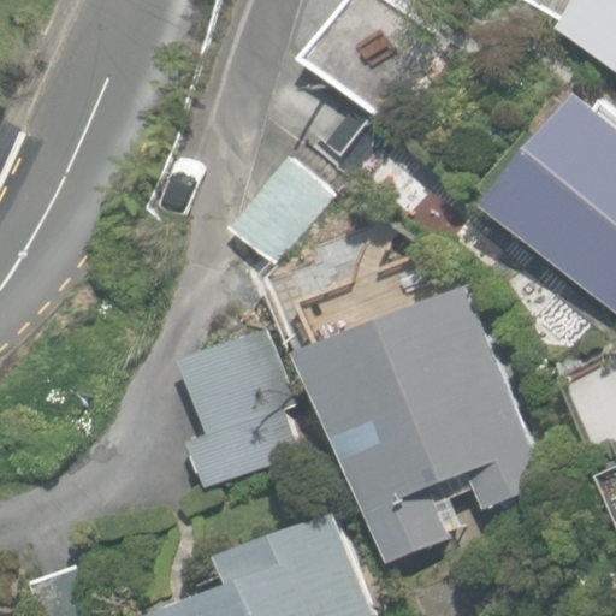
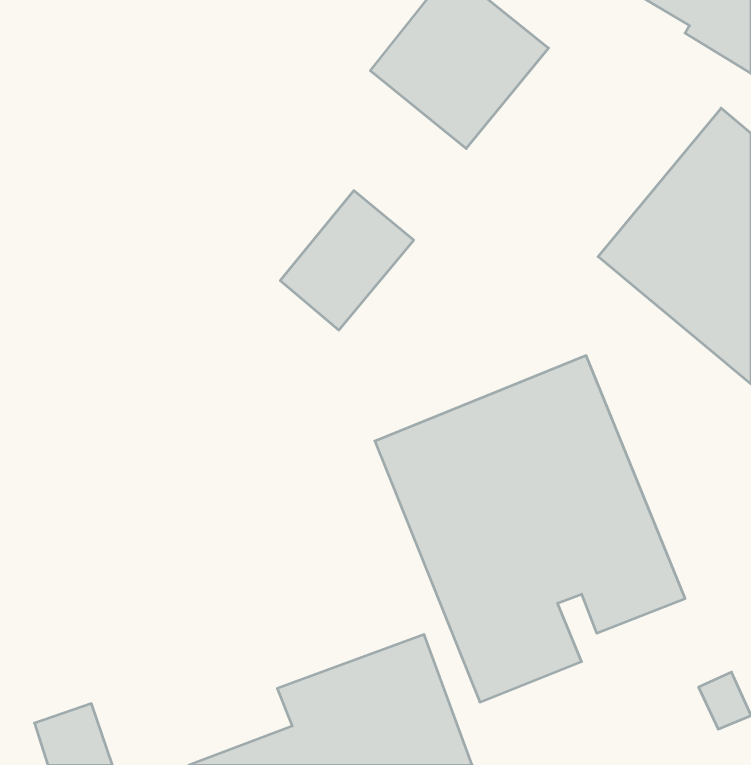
building: [174,327,296,490] -> none

